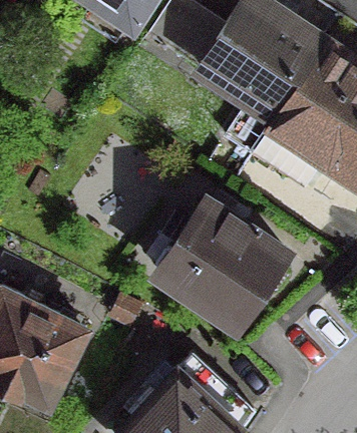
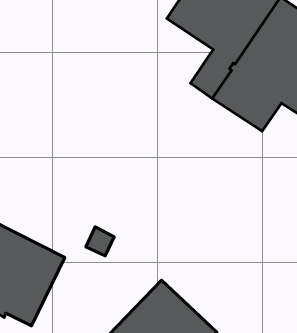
building: [156,199,287,327] -> none

